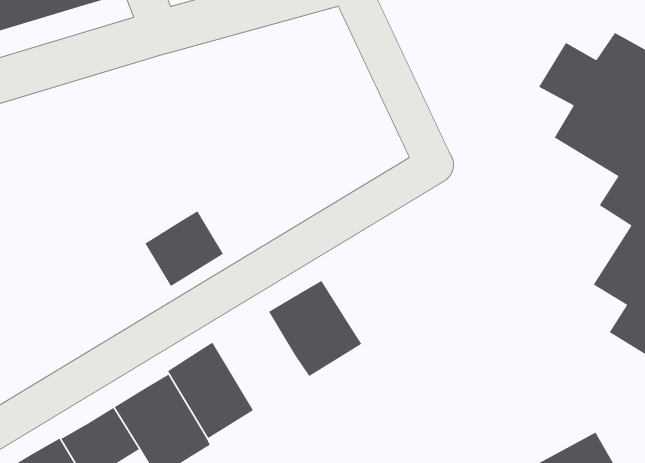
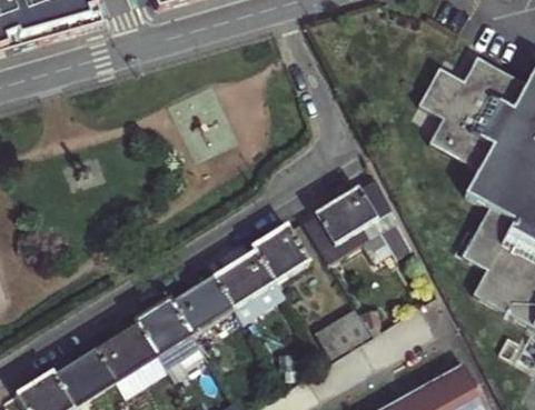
building: none -> [307,171,416,258]
building: [145,210,224,287] -> [175,268,236,327]
building: none -> [256,219,314,277]
building: none -> [320,303,370,351]

